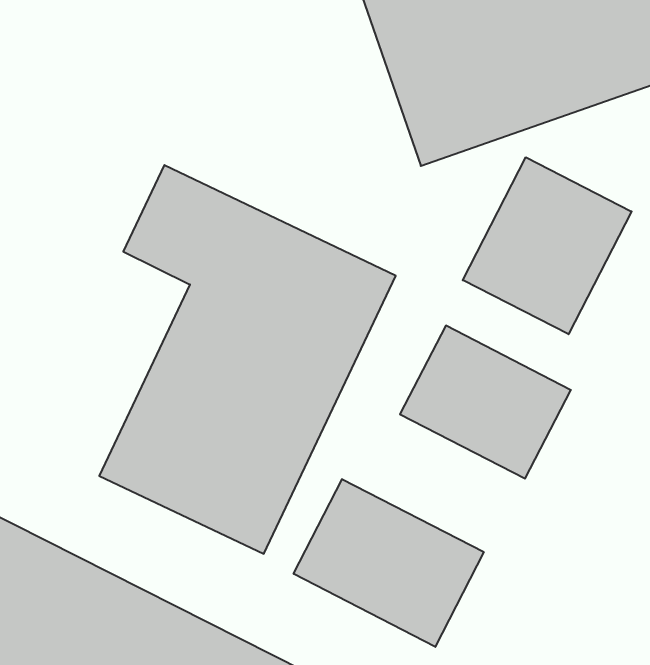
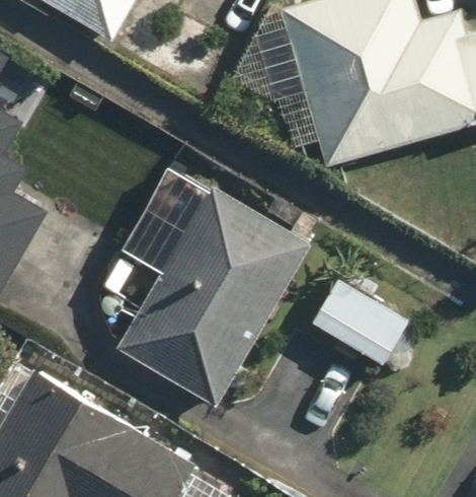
building: [463,157,632,334] -> none
building: [294,479,484,647] -> none

